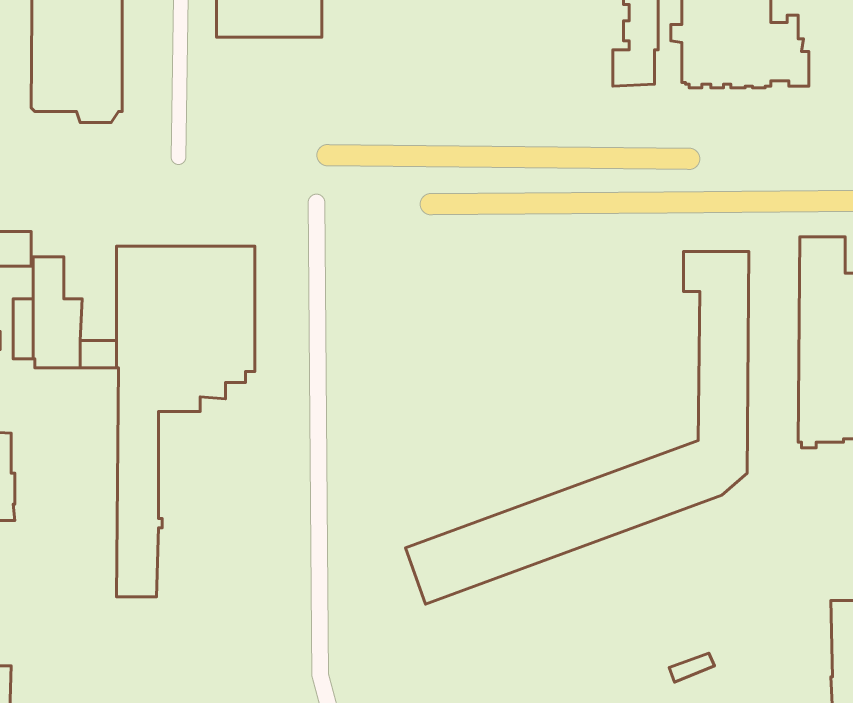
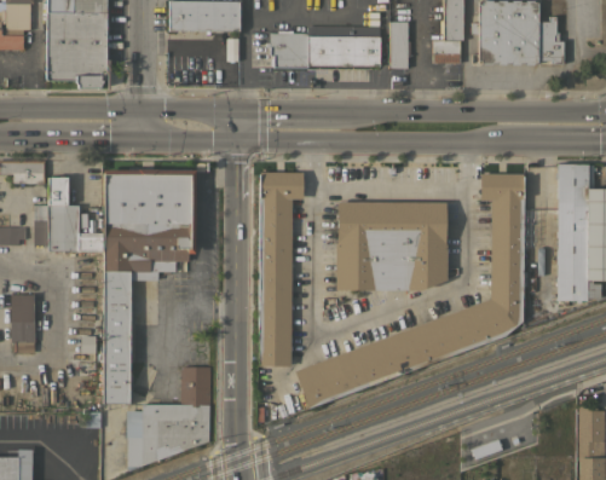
building: none -> [389,22,410,68]
building: none -> [267,25,380,69]
building: none -> [258,173,302,366]
building: none -> [335,202,446,290]
building: none -> [128,366,210,467]

